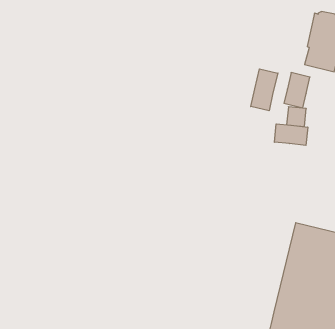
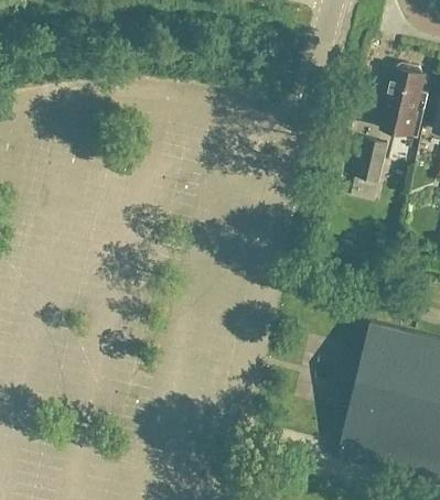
building: [251,69,278,111] -> none
building: [274,124,308,145] -> none

